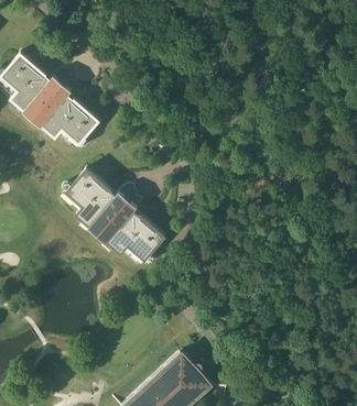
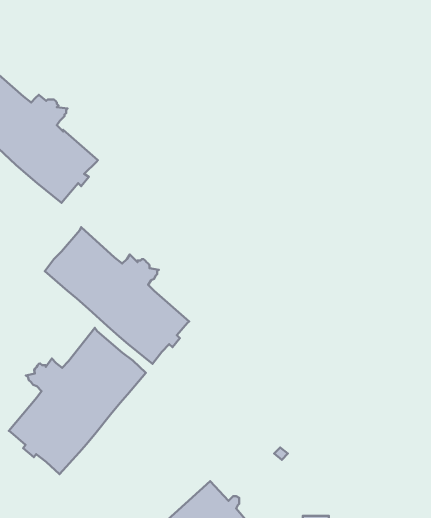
building: none -> [9,328,146,474]

